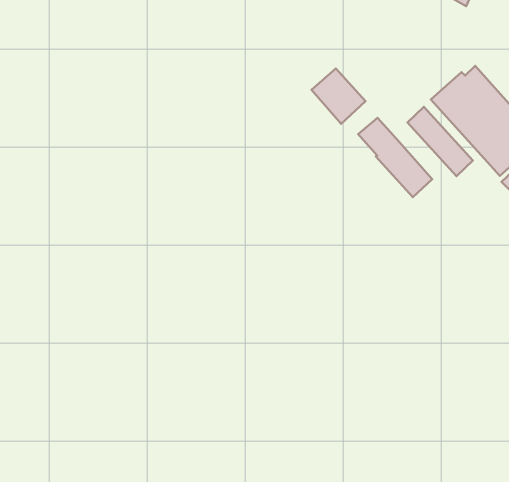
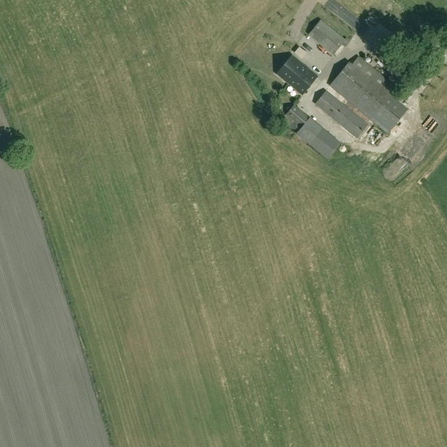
building: none -> [307,19,349,54]
building: [311,69,366,124] -> [276,55,316,94]

